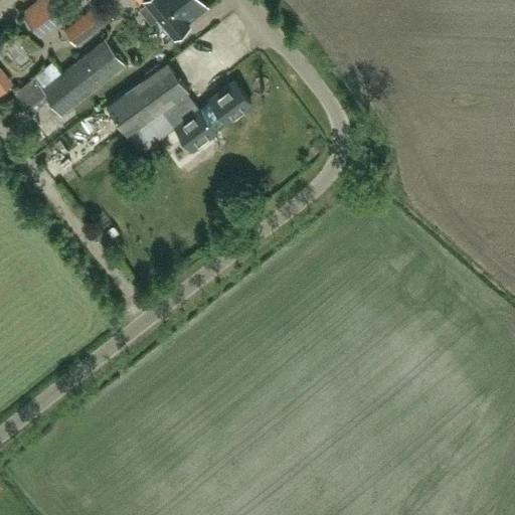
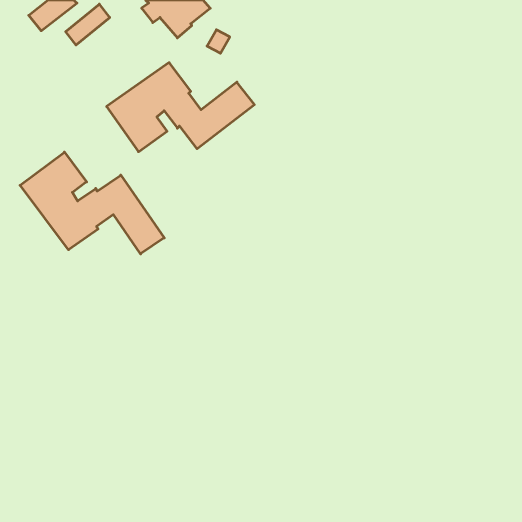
building: [14,40,124,116] -> none
building: none -> [20,152,164,254]

